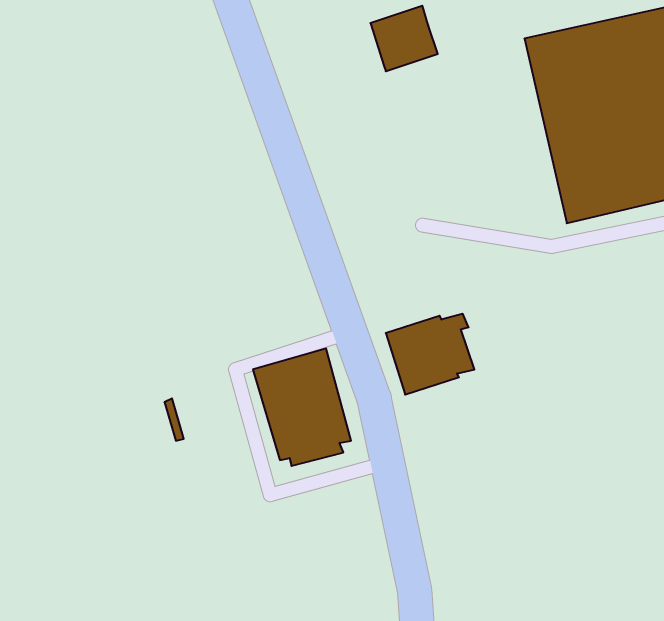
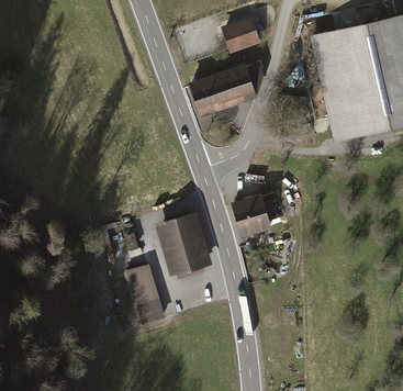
building: none -> [187,63,264,120]
building: none -> [126,265,165,325]

